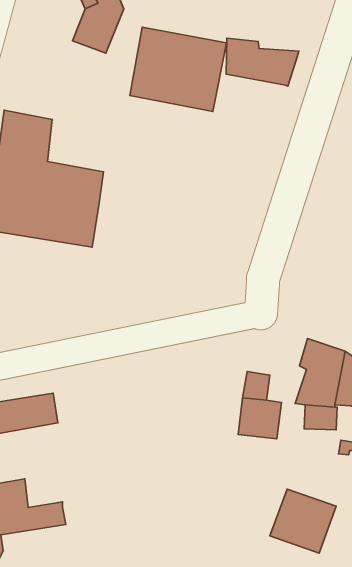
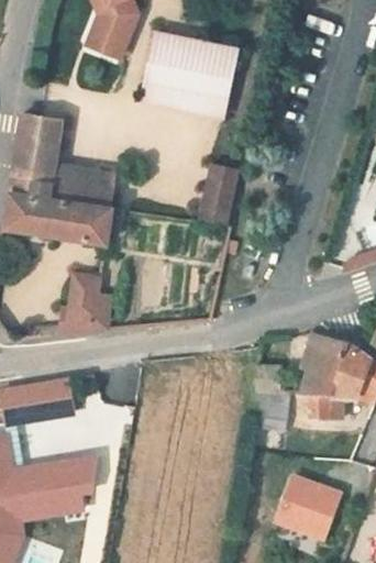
building: [226,38,299,86] -> none
building: none -> [201,159,239,218]
building: none -> [55,275,114,335]
building: none -> [42,459,95,496]

